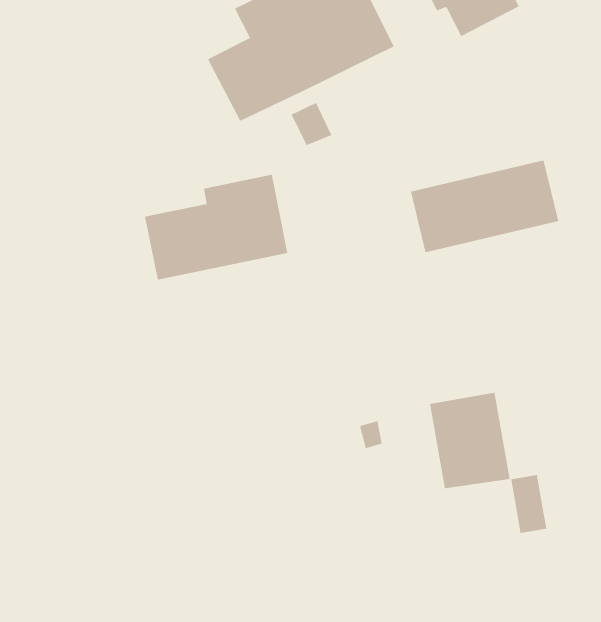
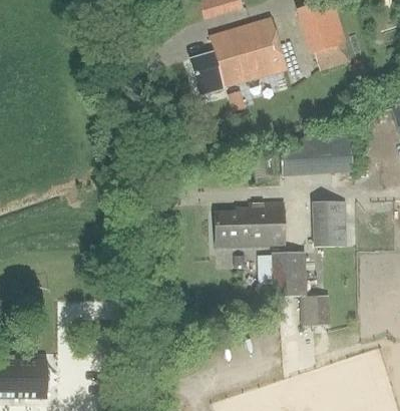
building: [144,174,288,280] -> [215,202,284,246]
building: none -> [312,201,347,247]

